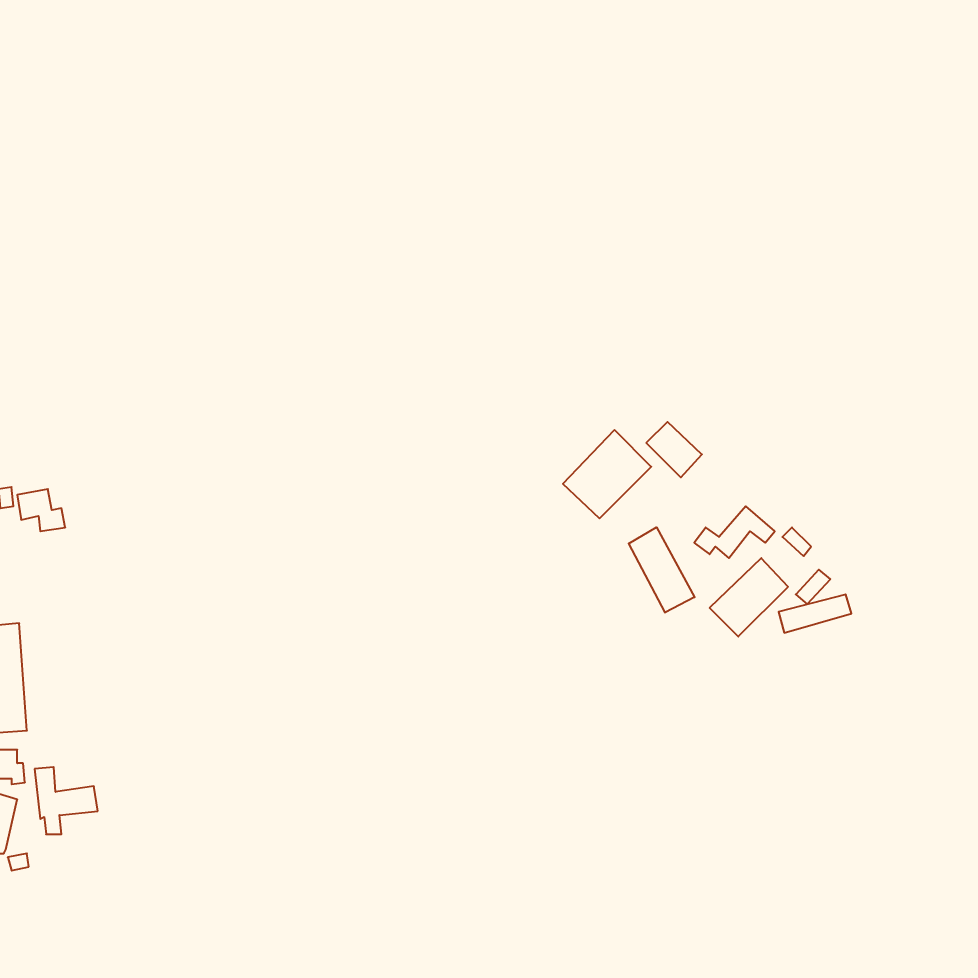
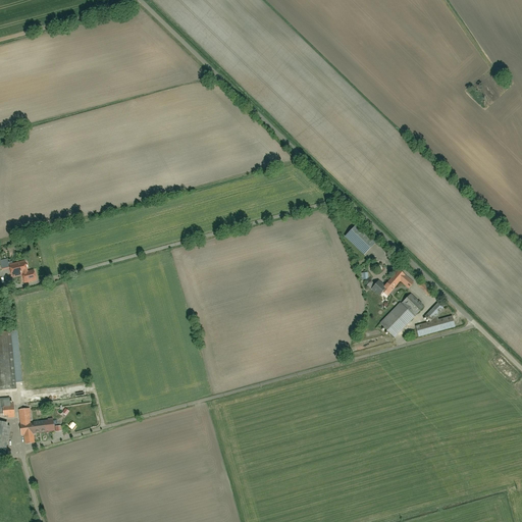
building: [563,430,651,518] -> none
building: [629,527,695,613] -> none

